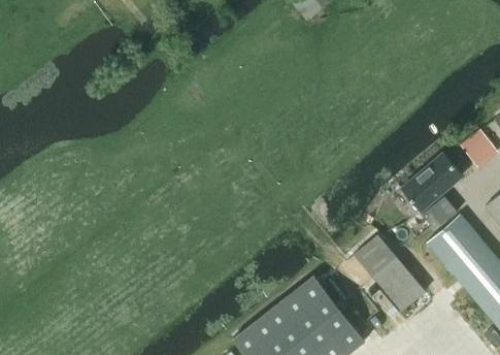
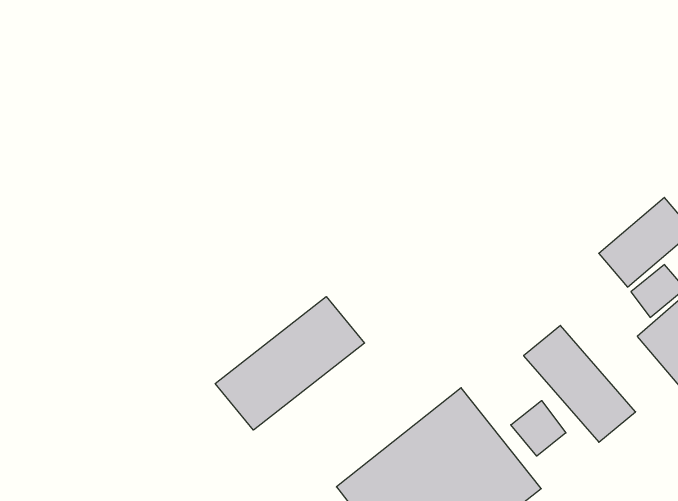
building: none -> [215,297,365,430]
building: none -> [511,401,566,456]

